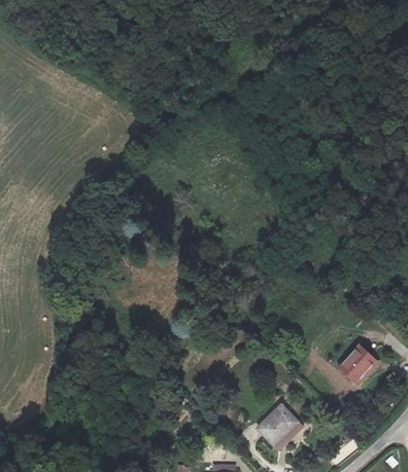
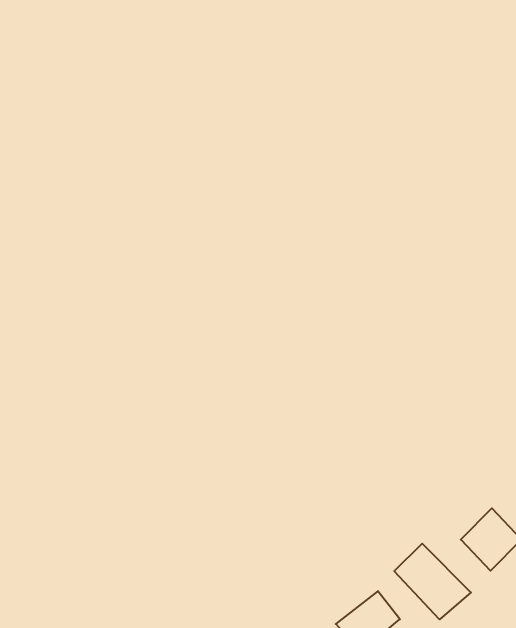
building: none -> [394,544,471,619]

